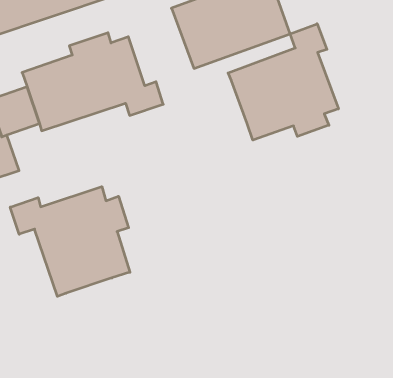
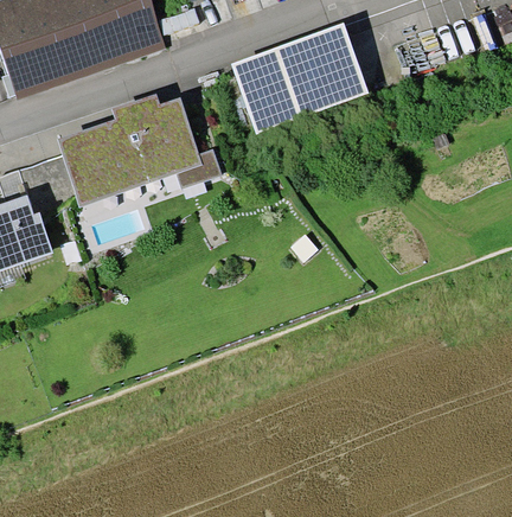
building: [228,24,338,140] -> none
building: [10,187,130,296] -> none

